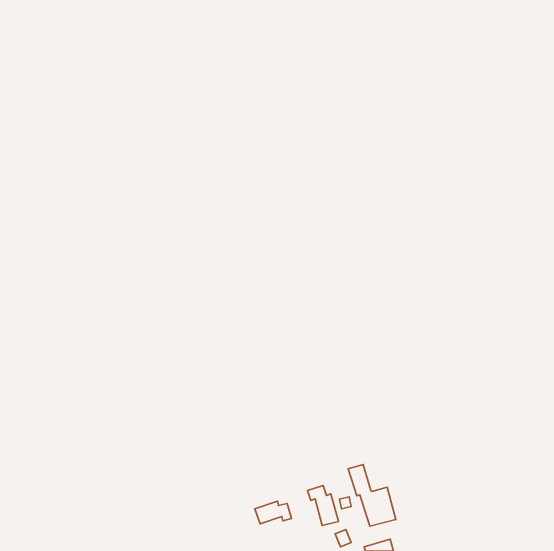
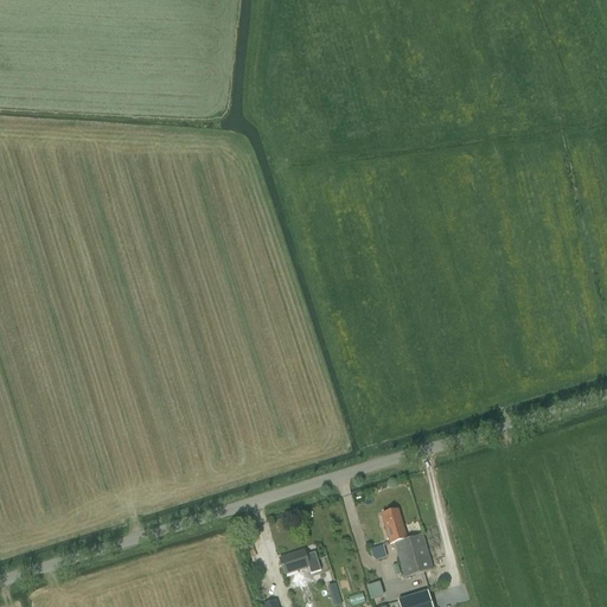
building: [307,485,339,525] -> none

